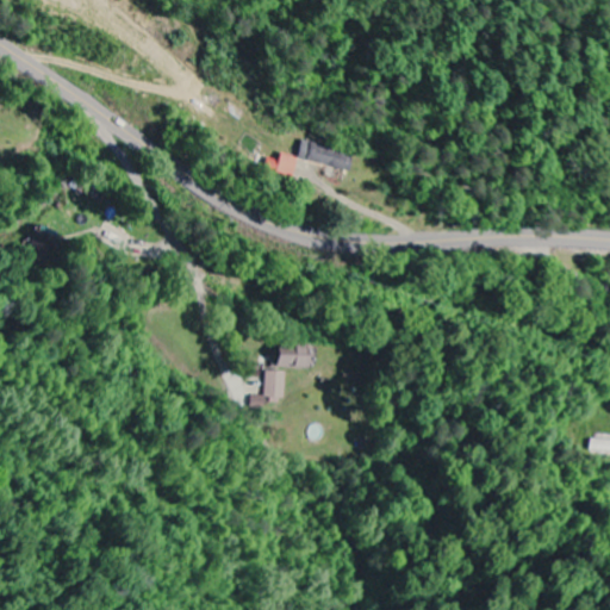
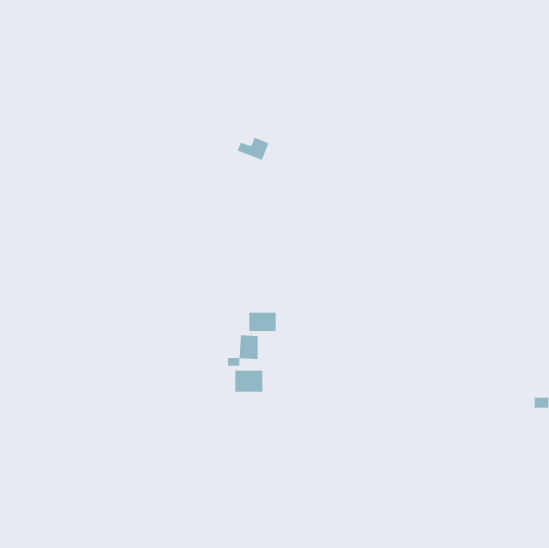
building: [298,139,355,172] -> none
building: none -> [235,370,263,392]

